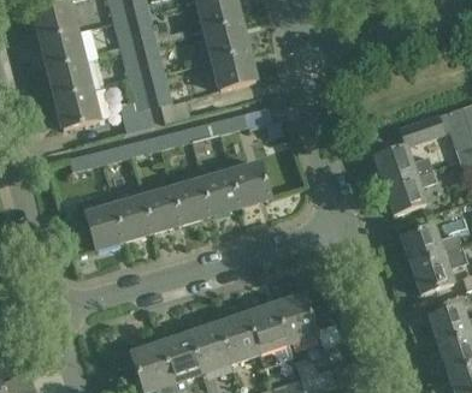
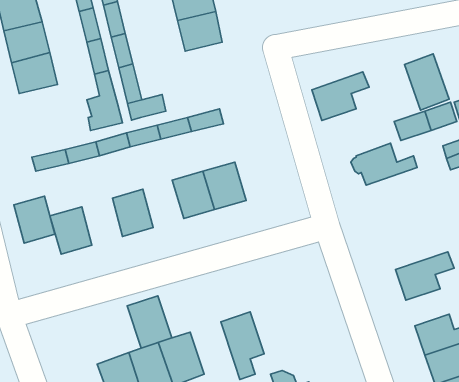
building: [212,49,255,88] -> none
building: none -> [405,54,449,110]
building: [55,89,99,127] -> none
building: [383,167,437,213] -> [312,72,369,120]
building: [172,179,211,224] -> none
building: [114,196,153,240] -> [14,196,55,243]
building: [401,224,460,263] -> none
building: [273,293,340,345] -> none
building: [217,312,259,362] -> [127,296,172,348]

